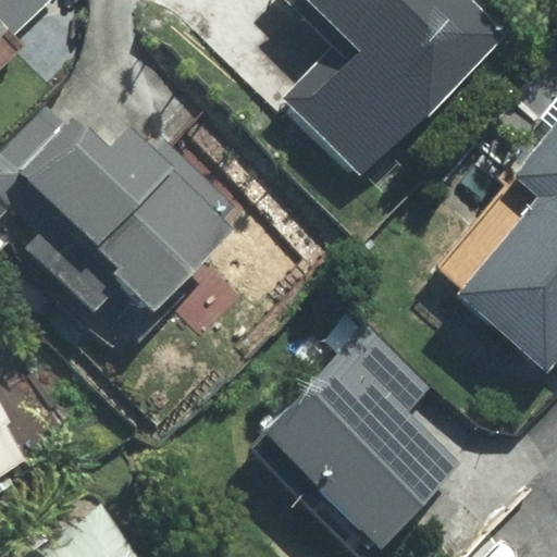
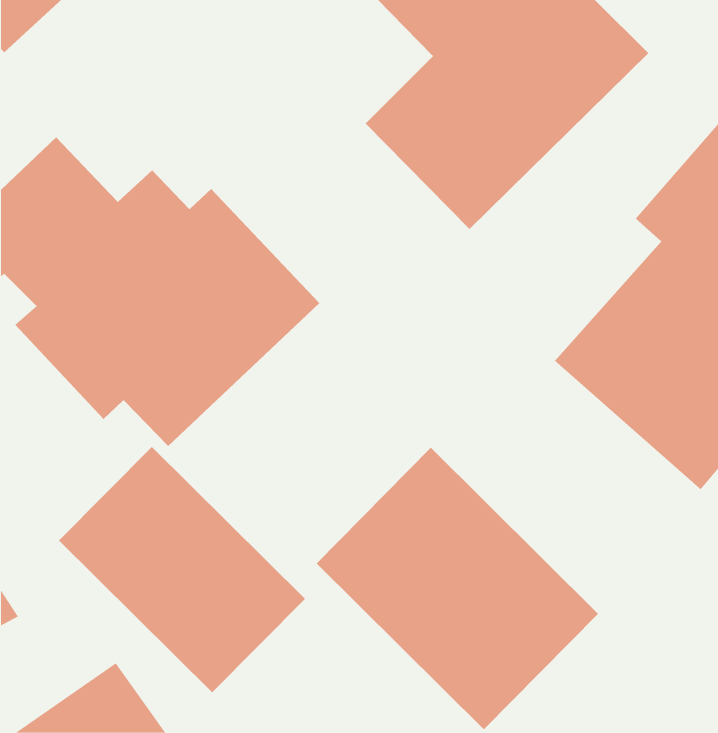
building: none -> [58,446,306,693]

